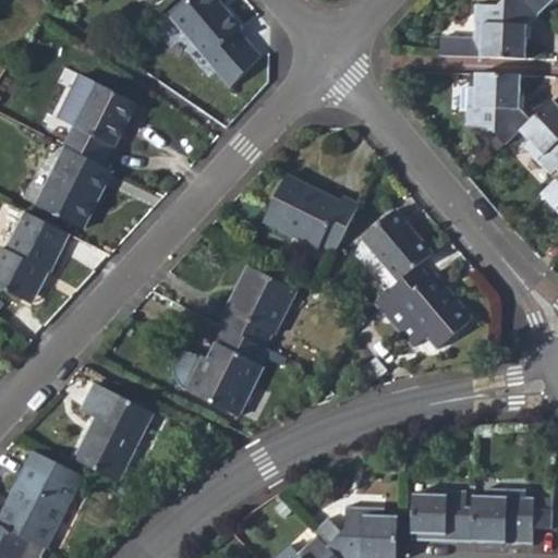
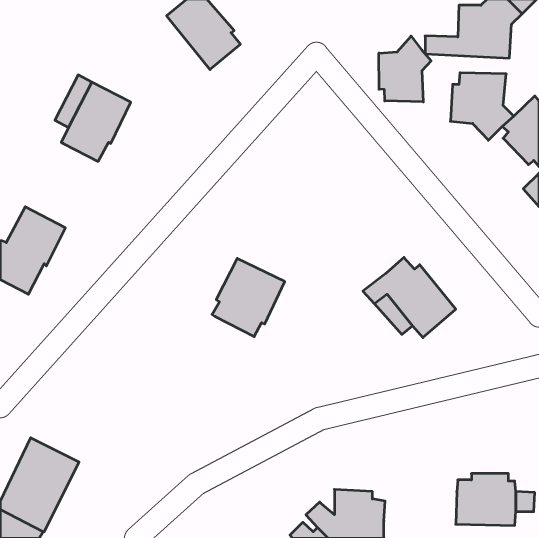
building: none -> [379,36,431,102]
building: [37,148,112,229] -> none
building: [263,174,359,251] -> none
building: [362,210,433,282] -> none
building: [171,327,267,416] -> none
building: [74,386,151,482] -> none
building: [411,489,472,542] -> none

